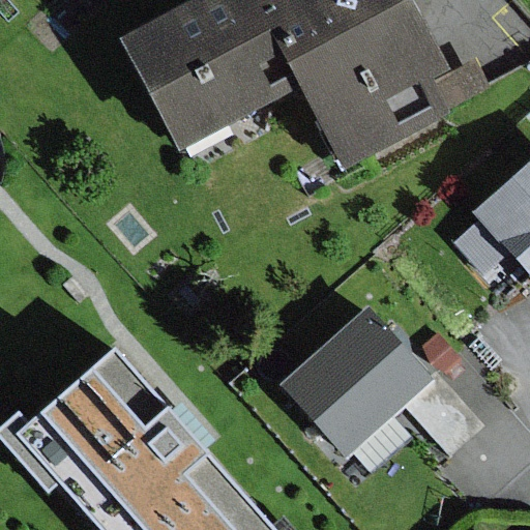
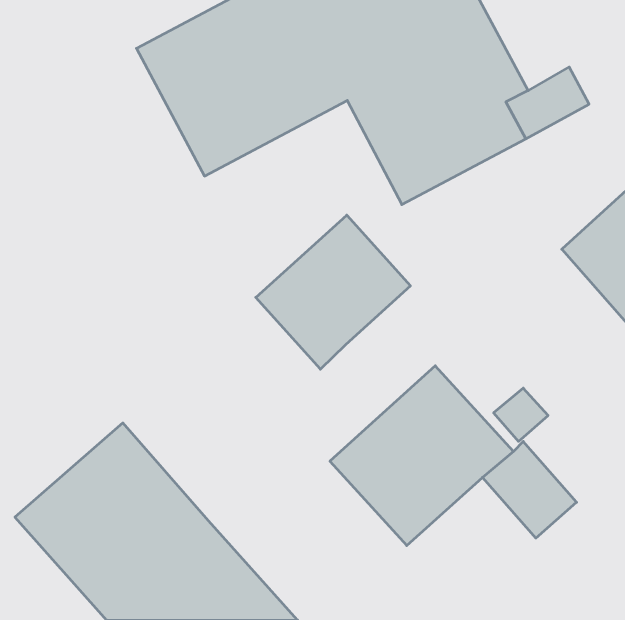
building: none -> [256,215,410,369]

